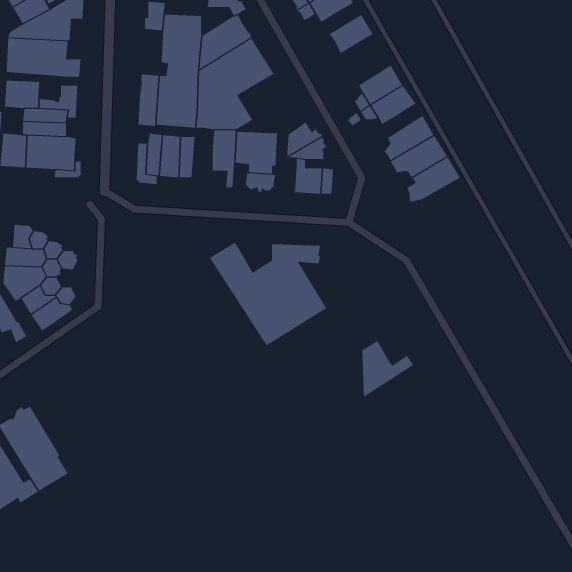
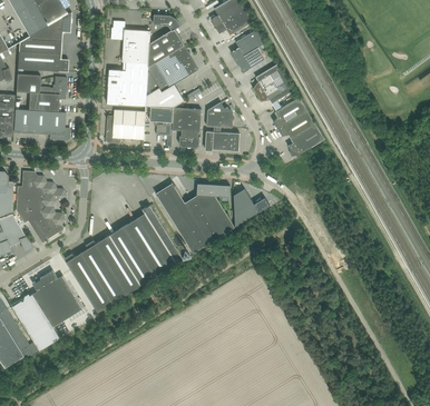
building: none -> [229,47,265,72]
building: none -> [63,205,183,311]
building: [361,340,414,398] -> [233,188,268,227]
building: none -> [31,270,82,326]

